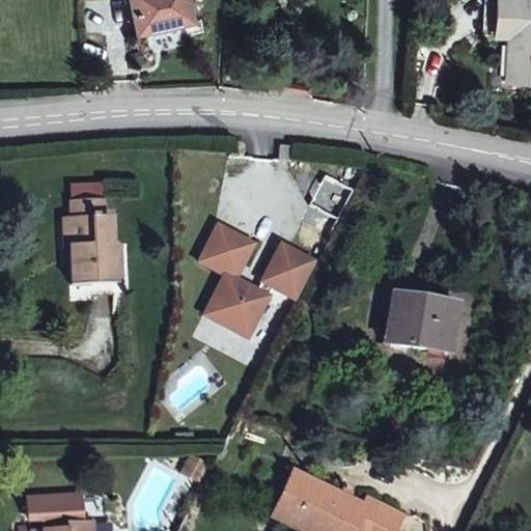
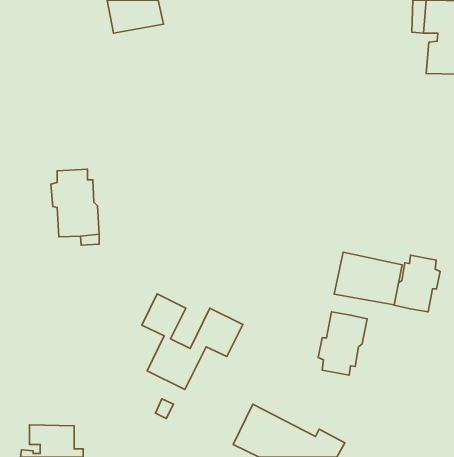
building: [200,221,317,332] -> [142,294,243,390]
building: none -> [394,255,440,312]
building: none -> [318,312,367,375]

